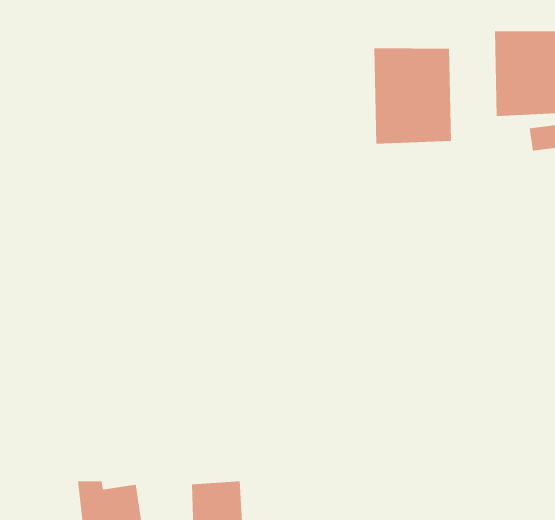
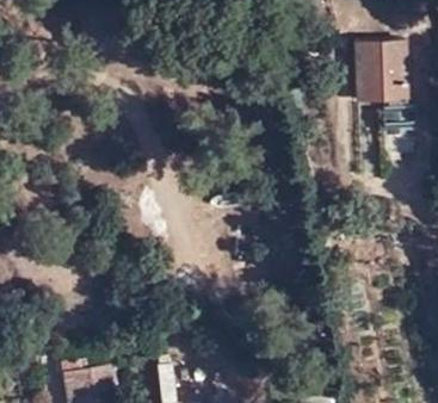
building: [374,47,451,144] -> none

